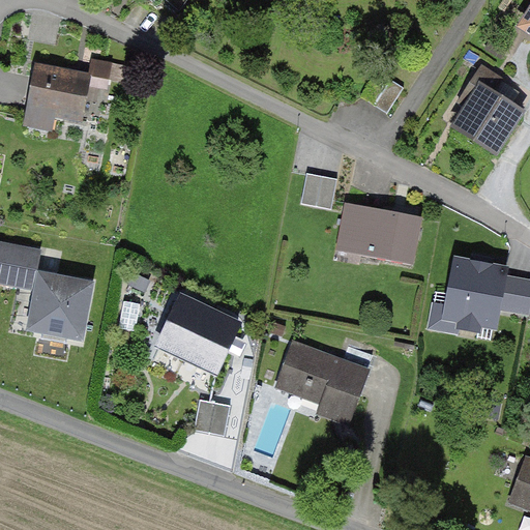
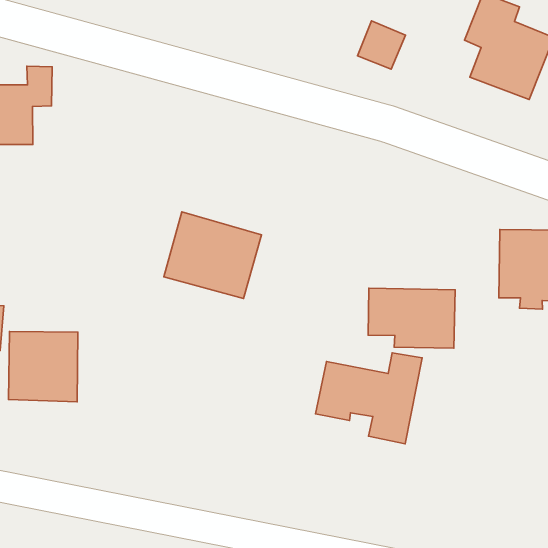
building: [302,171,337,207] -> none
building: [342,202,419,263] -> [368,288,455,348]
building: [156,294,242,374] -> [164,212,262,298]
building: [194,398,231,434] -> none

